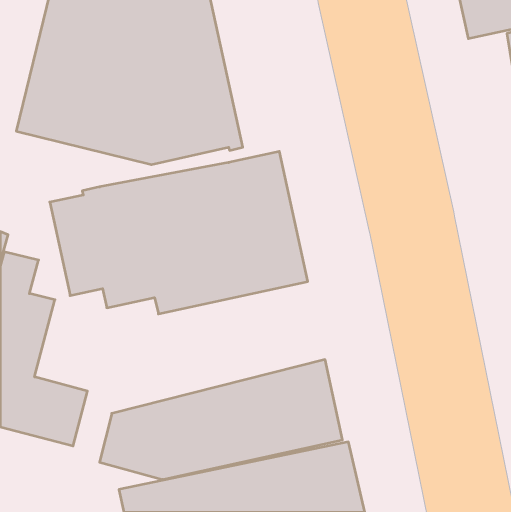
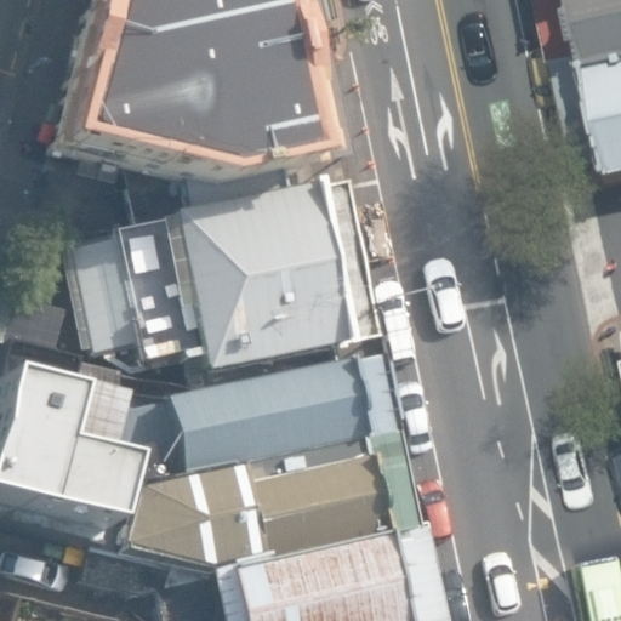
building: none -> [97,352,398,486]

